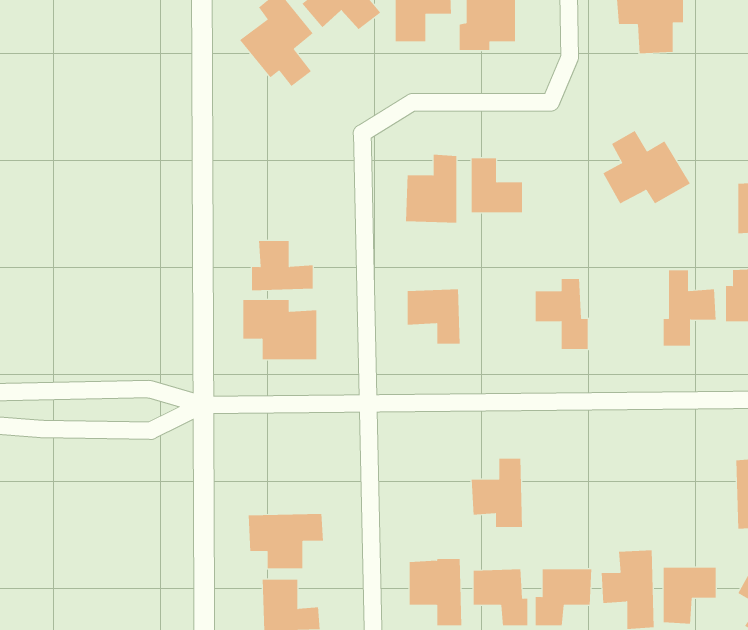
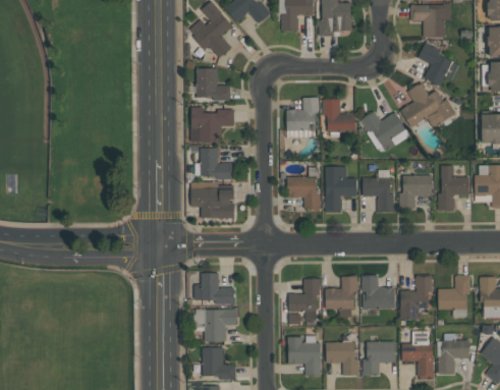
building: none -> [419,46,459,86]
building: none -> [197,68,230,99]
building: none -> [190,107,234,142]
building: none -> [360,111,408,153]
building: none -> [325,166,356,211]
building: none -> [399,175,432,209]
building: none -> [193,272,235,302]
building: none -> [362,275,395,309]
building: none -> [438,275,469,310]
building: none -> [400,276,432,319]
building: none -> [288,278,319,324]

